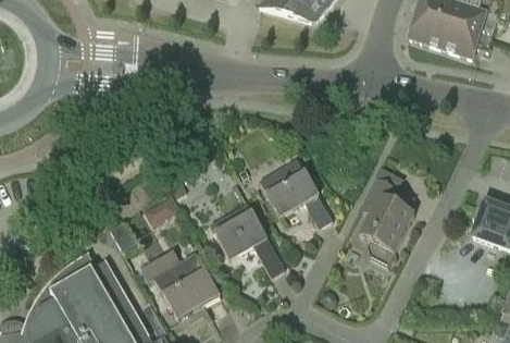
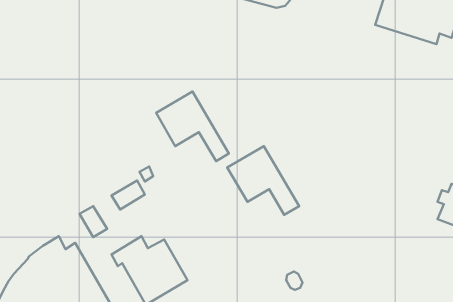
building: [358,177,414,267] -> none
building: [210,206,284,277] -> [156,91,229,161]

